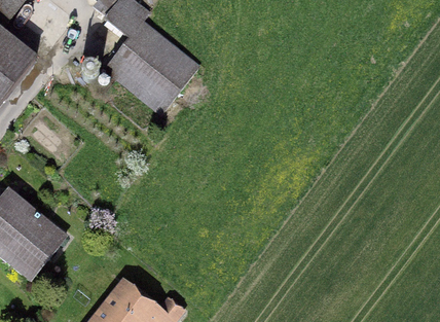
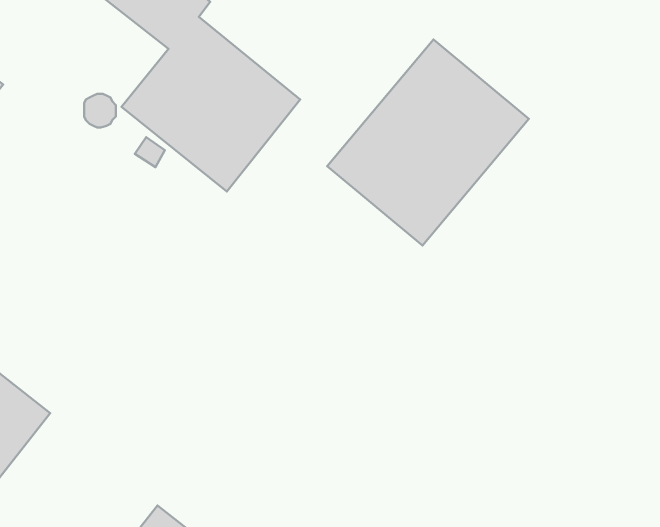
building: none -> [327,39,529,245]

